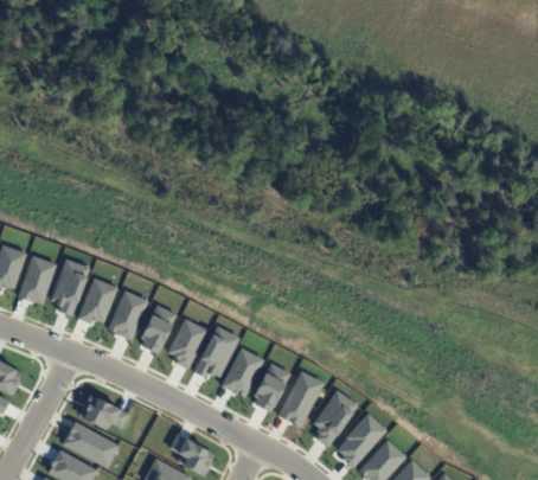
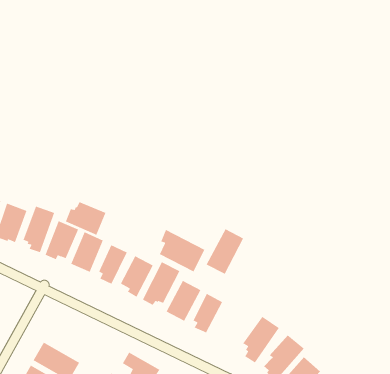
building: none -> [65,201,107,236]
building: none -> [159,229,205,273]
building: [277,371,324,427] -> [205,228,244,275]
building: [78,393,129,429] -> none

